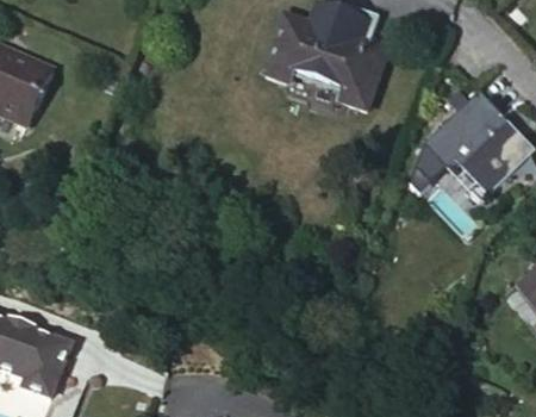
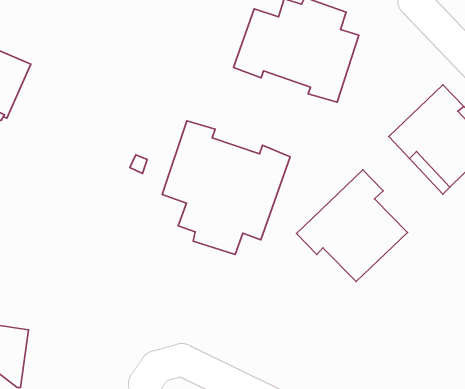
building: none -> [162,121,290,255]
building: none -> [297,170,408,281]

